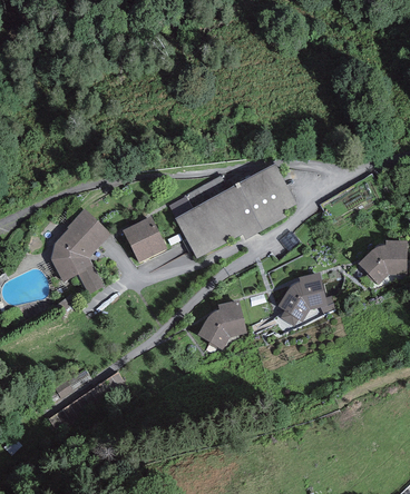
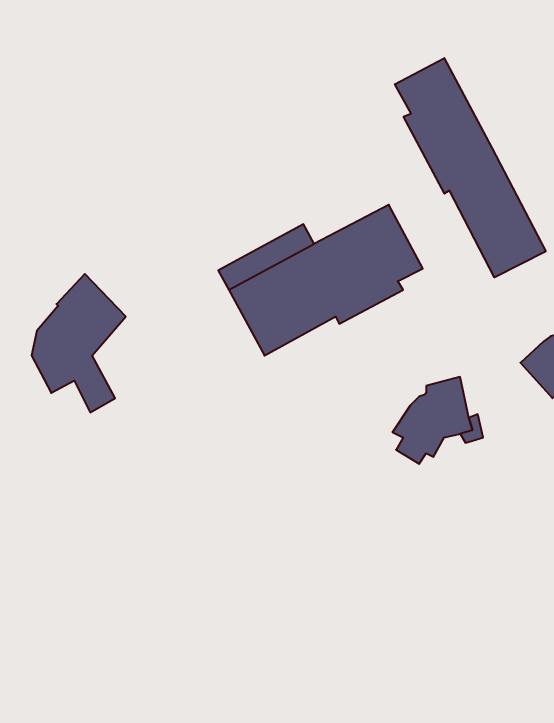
building: none -> [395,58,546,277]
building: [123,215,167,263] -> none
building: [197,298,246,349] -> none

